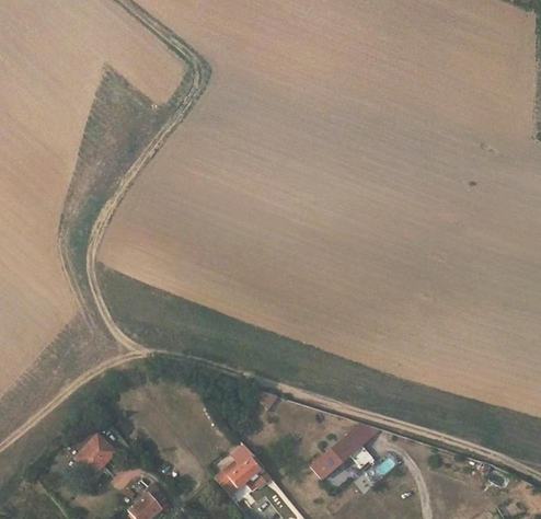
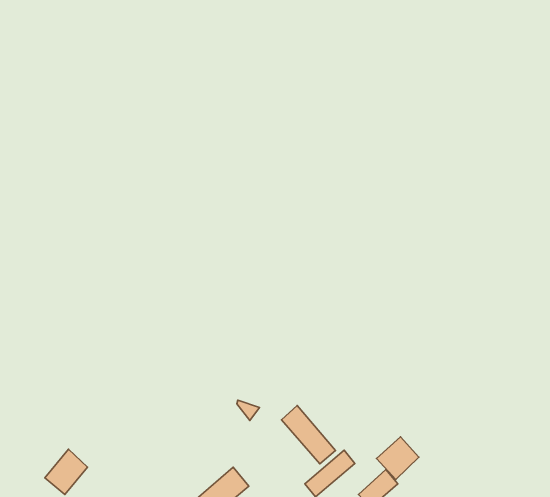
building: none -> [282,405,335,464]
building: none -> [377,437,419,480]

